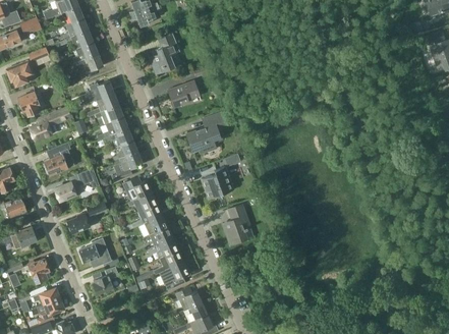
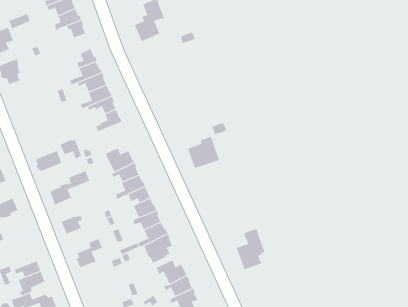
building: [168,79,200,107] -> none
building: [30,106,72,141] -> none
building: [187,112,226,151] -> none
building: [44,143,73,175] -> none
building: [113,152,143,181] -> none
building: [222,203,250,243] -> [236,228,265,270]
building: [27,258,51,283] -> none

